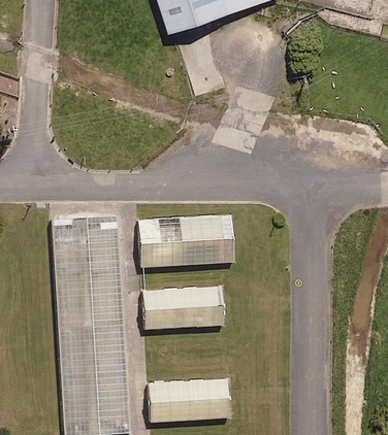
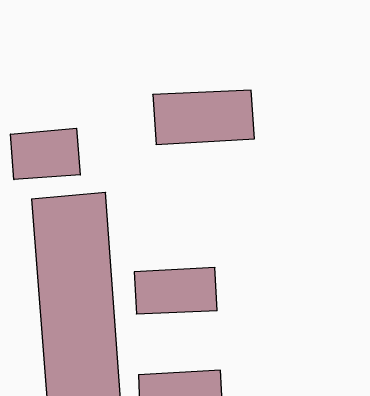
building: none -> [11,128,80,180]
building: [141,212,236,263] -> [153,90,254,144]

